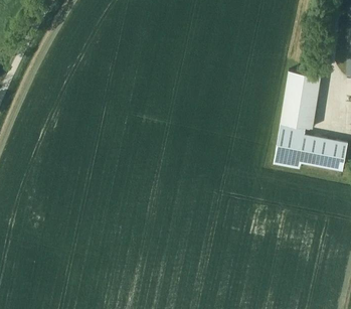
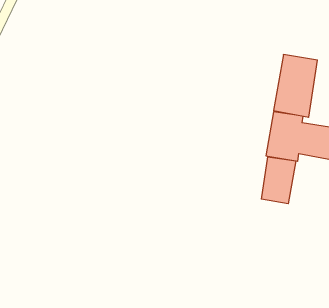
building: none -> [261,157,296,204]

